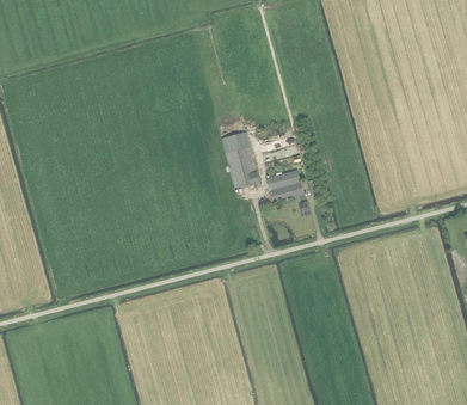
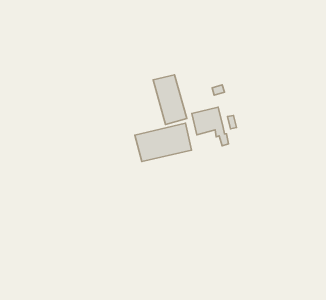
building: none -> [135,123,192,162]

